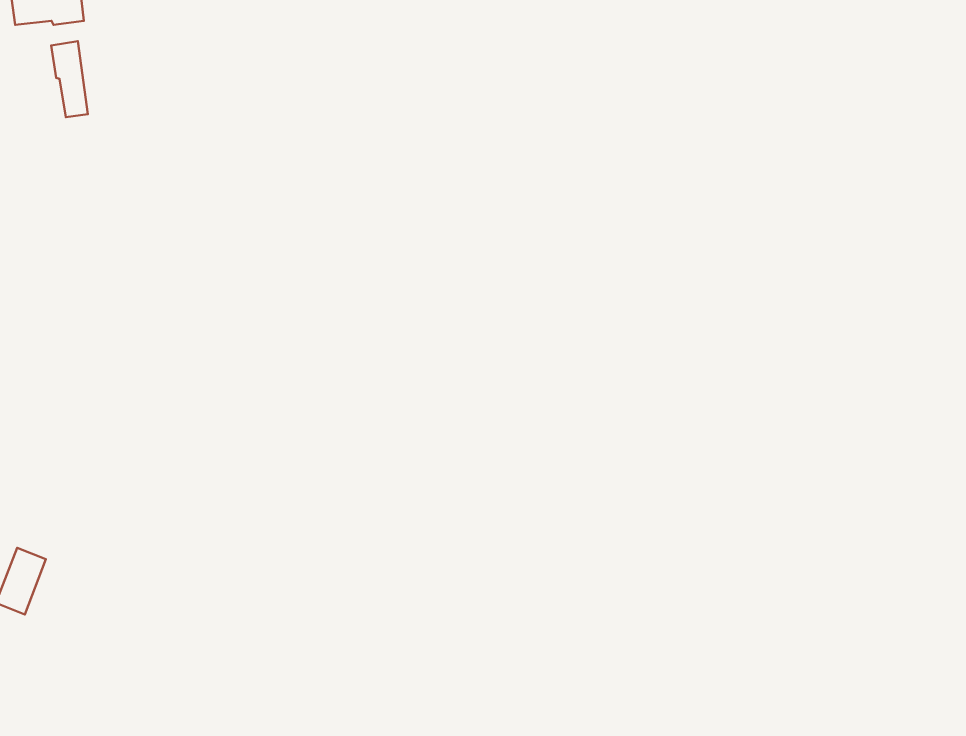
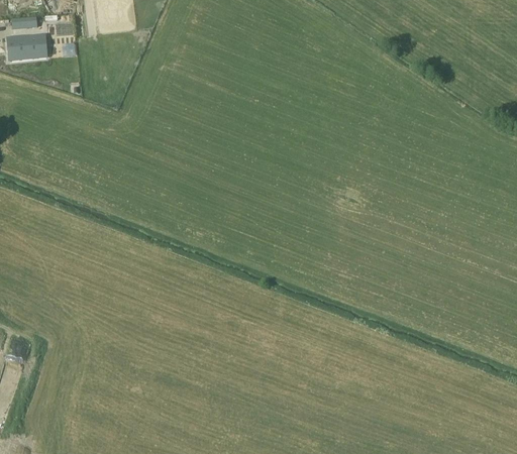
building: [51,41,88,117] -> none

